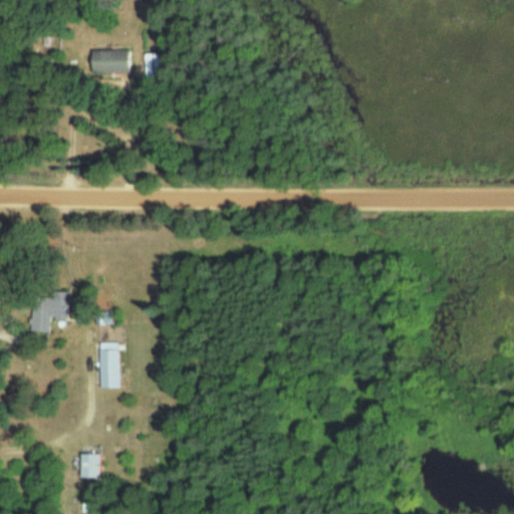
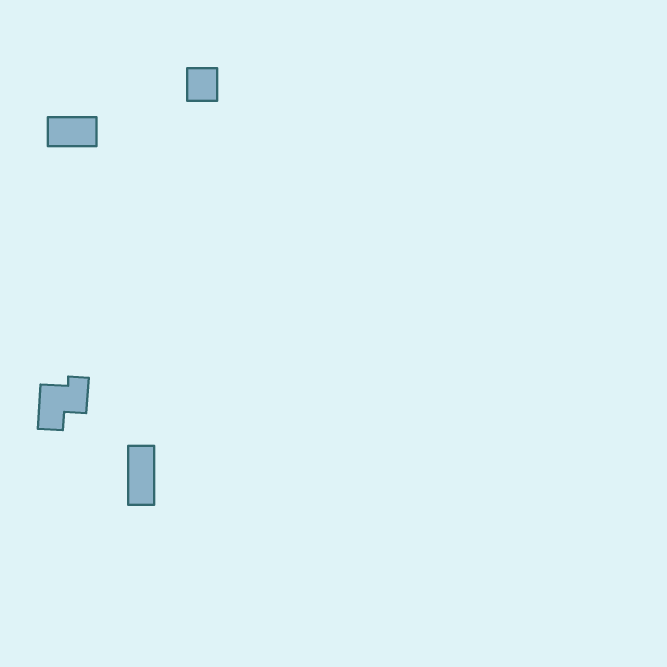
building: [97,51,135,73] -> [48,117,96,146]
building: [79,454,98,477] -> none

